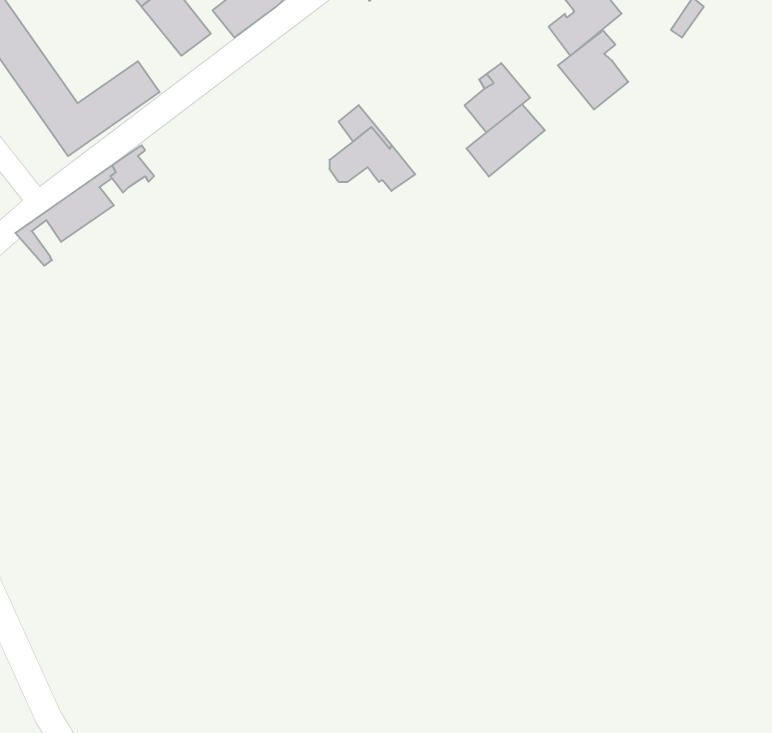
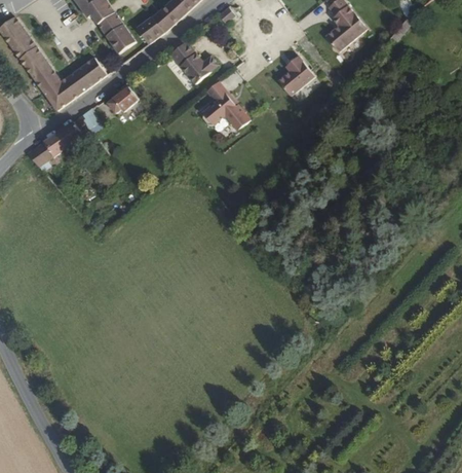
building: [558,30,628,110] -> none
building: none -> [170,40,219,83]
building: [466,104,545,177] -> none
building: none -> [106,85,140,114]

